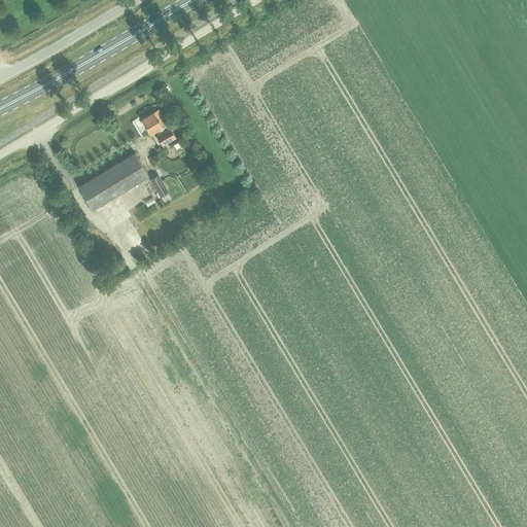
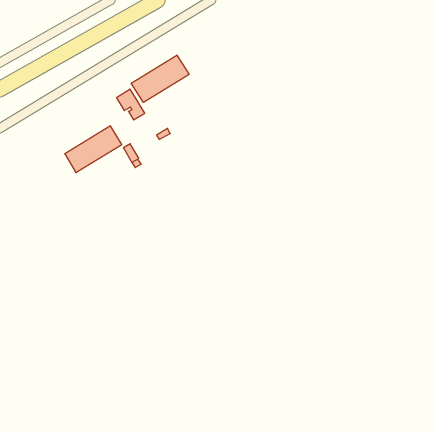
building: none -> [131,55,189,102]

